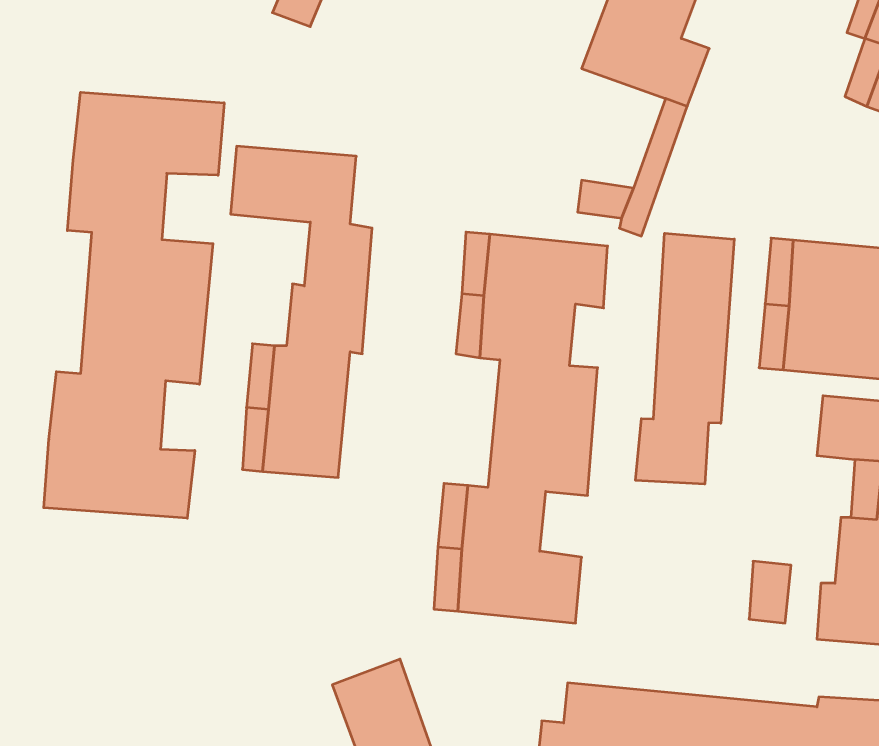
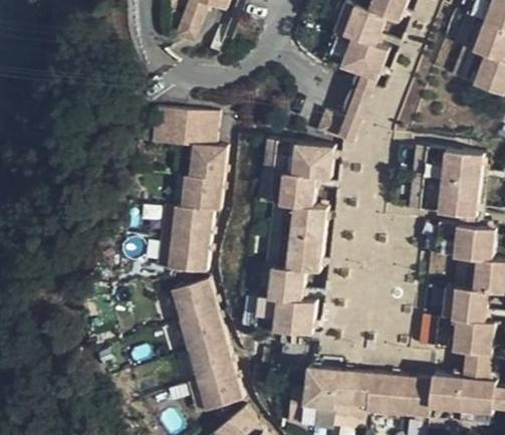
building: [44,92,224,518] -> none
building: [636,233,734,484] -> none
building: none -> [174,286,232,358]

